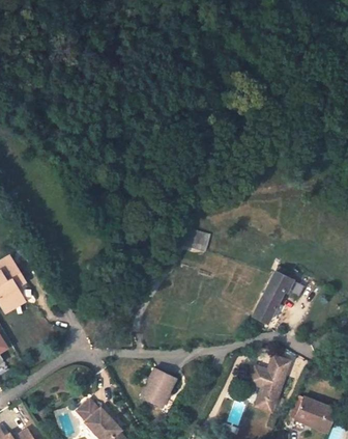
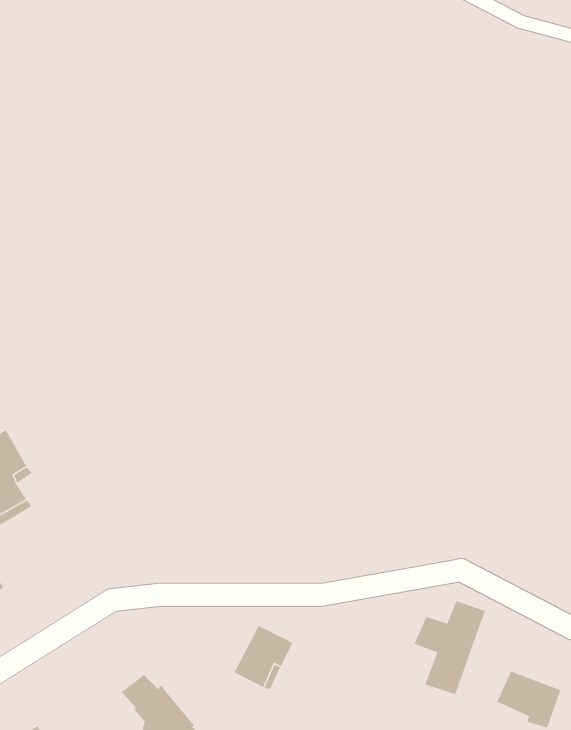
building: [177,228,208,252] -> none
building: [252,268,301,323] -> none

